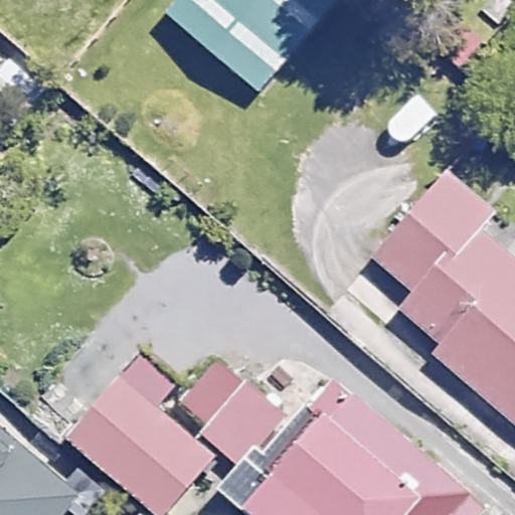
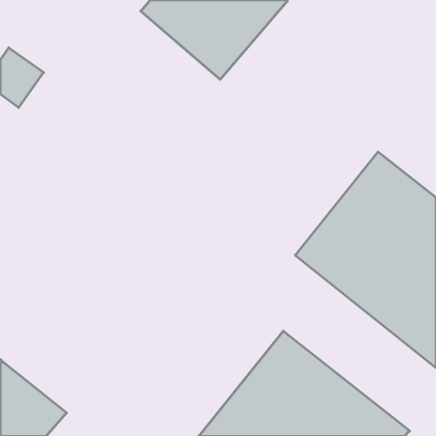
building: [75,370,291,501] -> none

